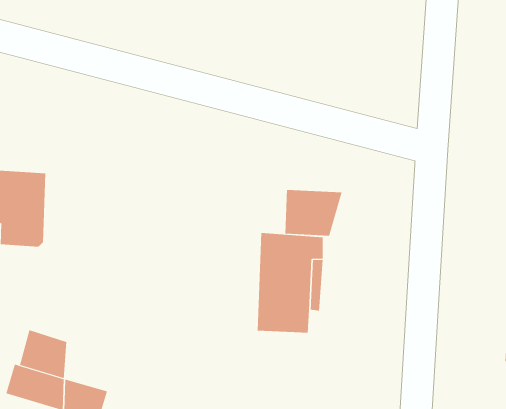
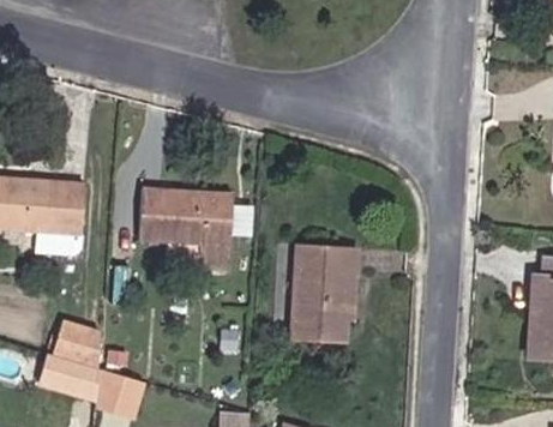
building: none -> [139,184,230,261]
building: [285,189,342,236] -> none

